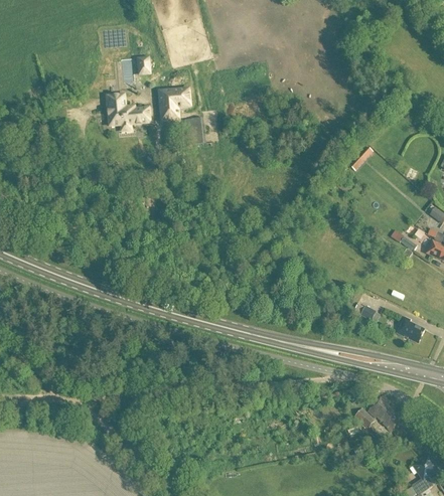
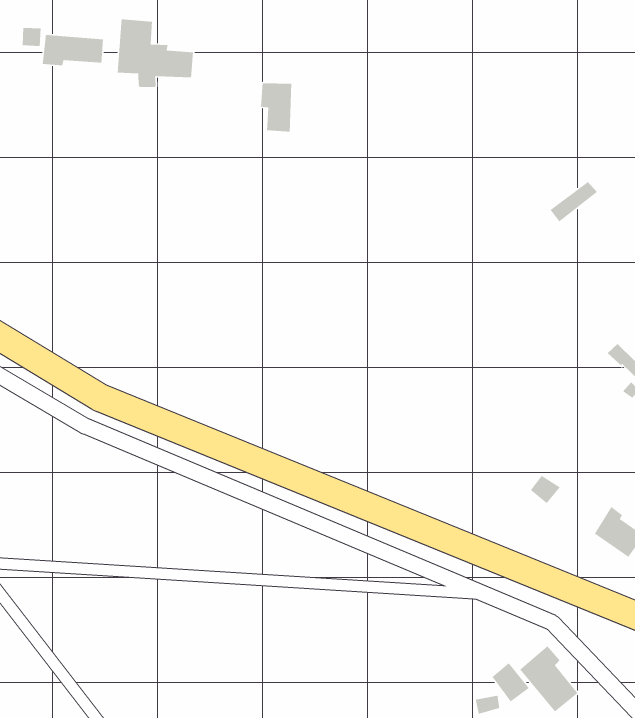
building: [158,89,190,122] -> none
building: none -> [42,34,104,66]

